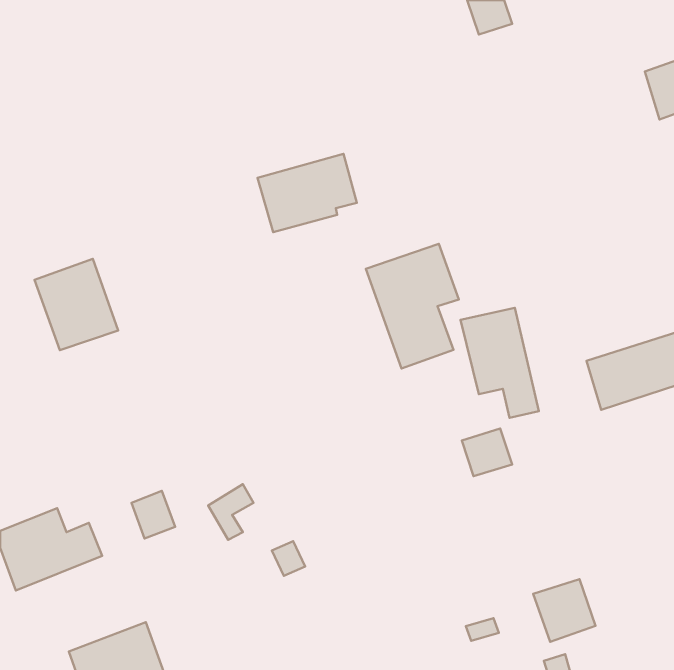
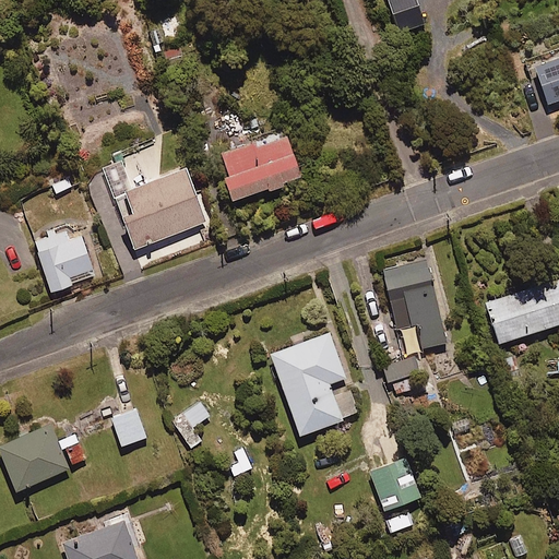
building: none -> [112,165,206,251]
building: [366,244,459,368] -> [270,333,346,436]
building: [533,579,595,642] -> [369,460,420,511]

